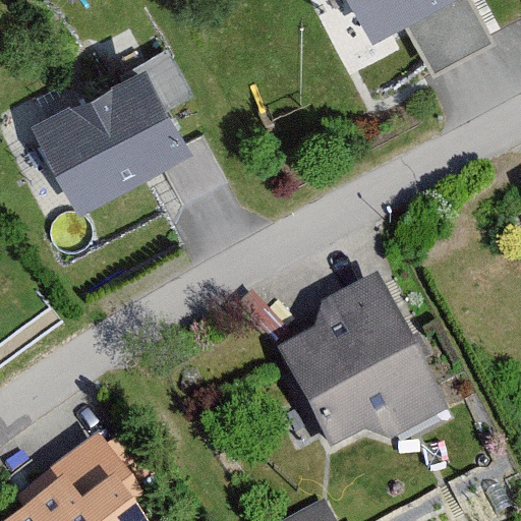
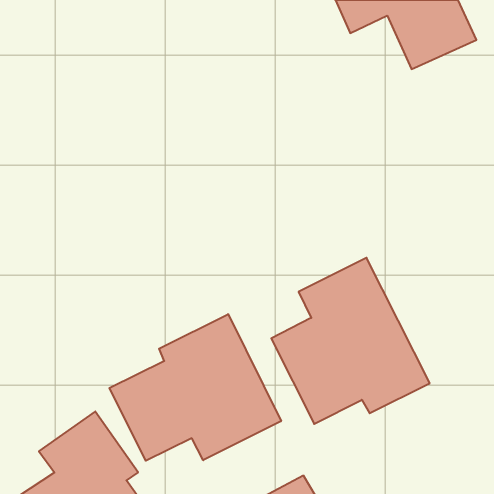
building: [15,56,190,211] -> none
building: none -> [109,314,281,461]

